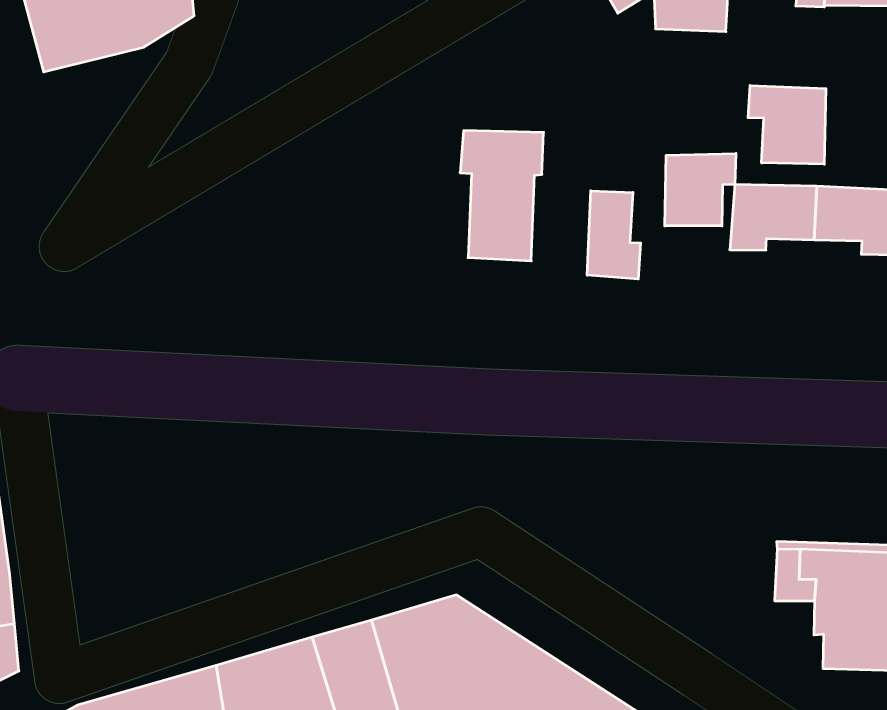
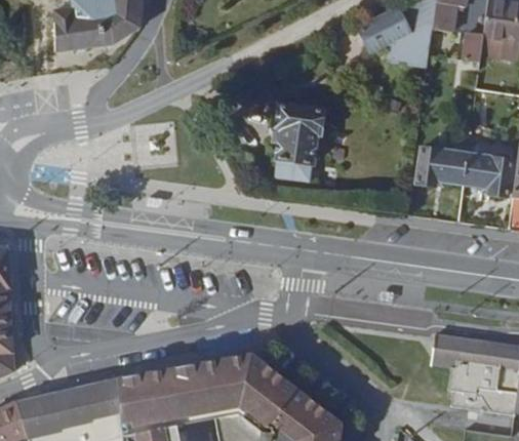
building: [748,85,826,164] -> none
building: [665,153,736,226] -> none
building: [587,191,641,279] -> none

